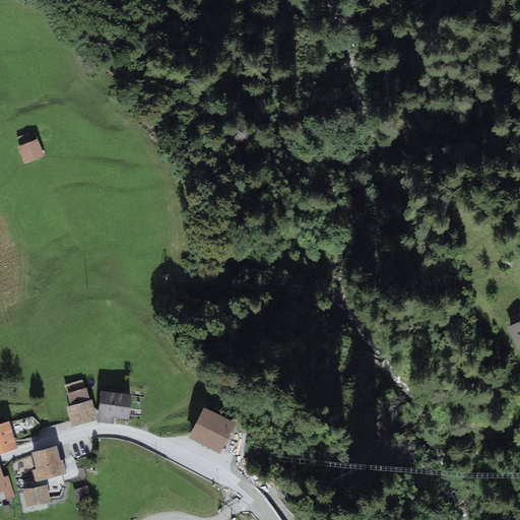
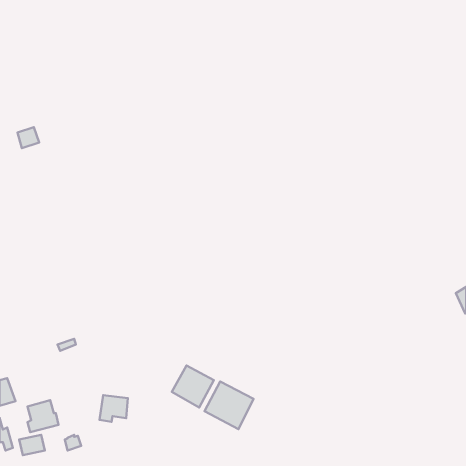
building: [66,387,93,424] -> none
building: [98,391,129,420] -> [100,395,128,422]
building: none -> [205,382,254,429]

